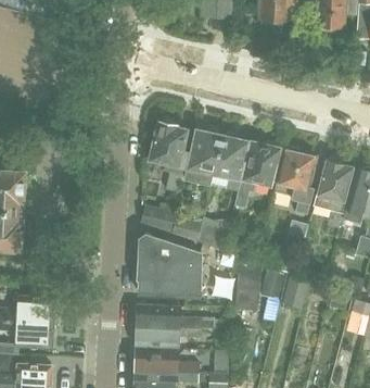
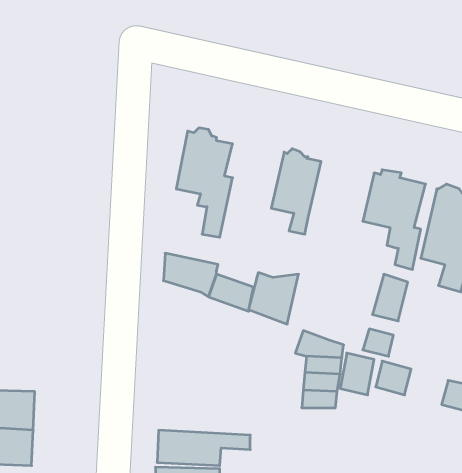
building: [186,129,222,186] -> none
building: [235,142,280,208] -> none
building: [139,233,202,296] -> none
building: [138,303,214,328] -> none

